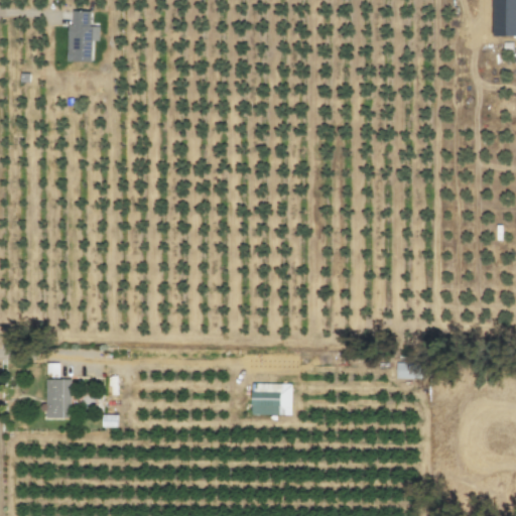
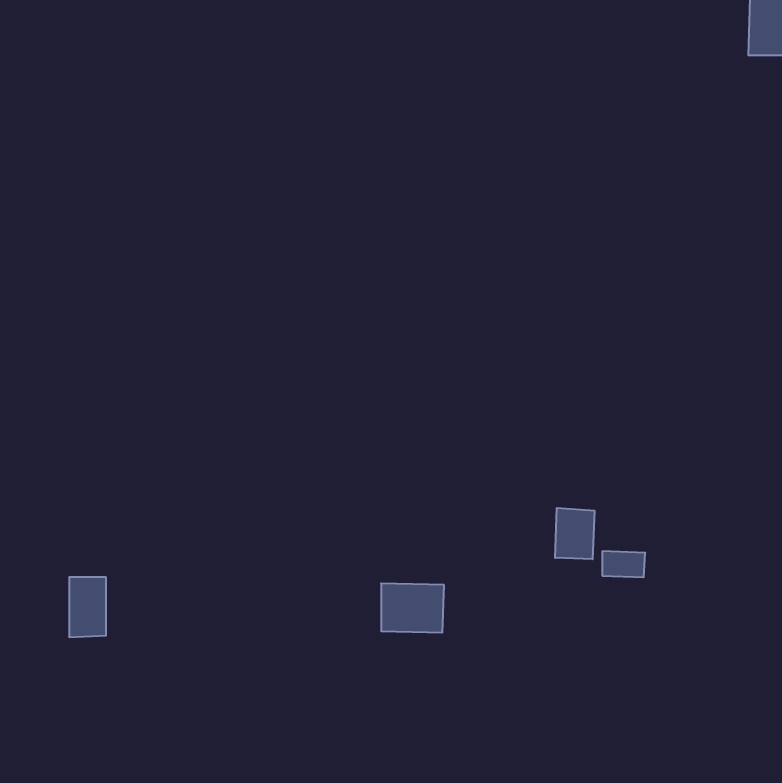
building: [67,11,100,61] -> none
building: none -> [555,508,594,559]

